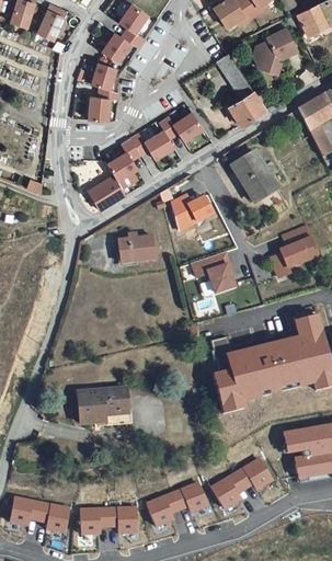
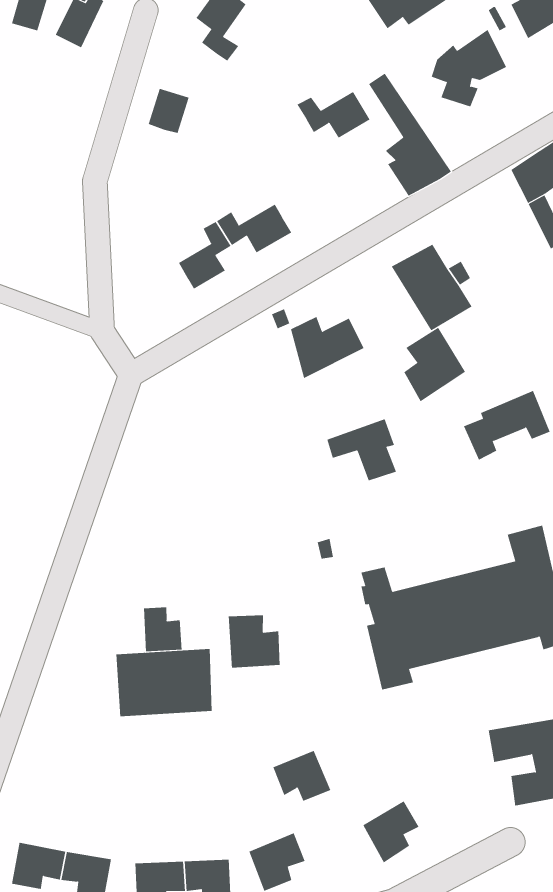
building: [101,32,129,61] -> none
building: [89,87,117,123] -> none
building: [158,113,201,140] -> [296,91,371,139]
building: [87,173,126,210] -> none
building: none -> [403,327,466,402]
building: [118,233,156,263] -> none
building: none -> [144,607,182,652]
building: none -> [228,614,280,669]
building: [238,460,274,491] -> none
building: [174,482,208,512] -> [272,750,331,801]

